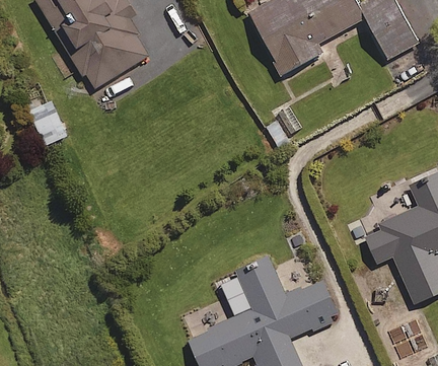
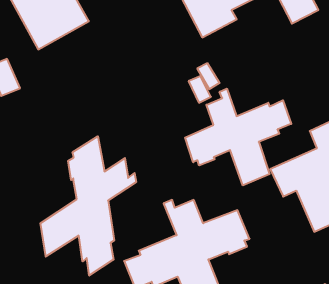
building: none -> [185,89,291,185]
building: none -> [40,136,136,276]

